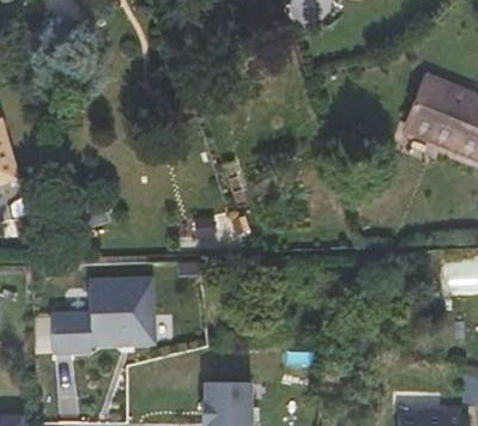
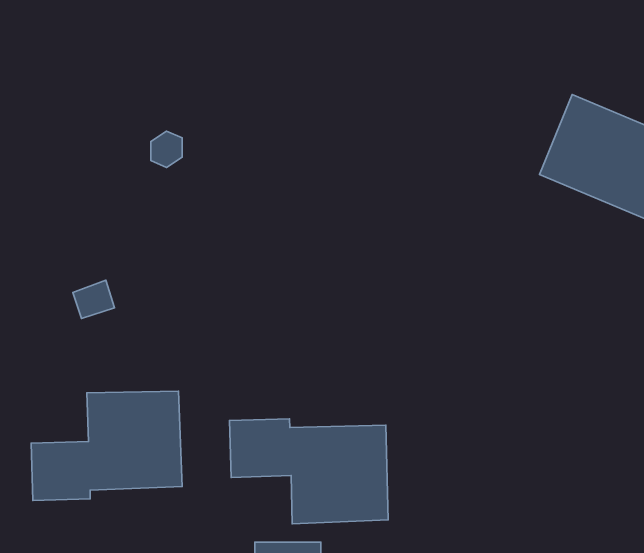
building: none -> [230,419,388,524]

